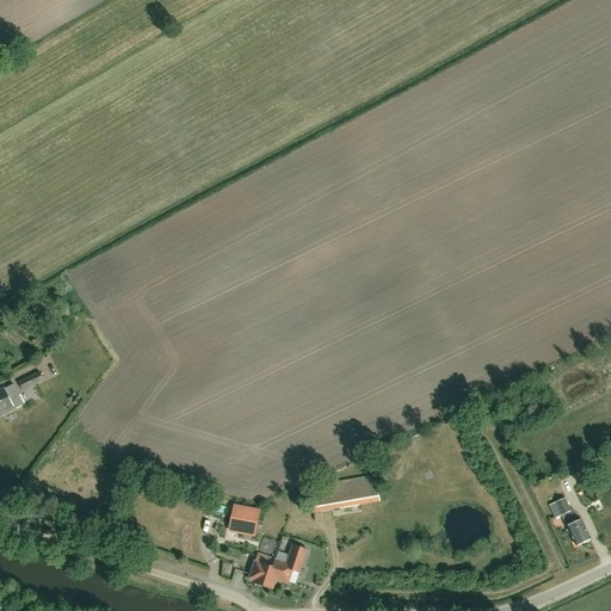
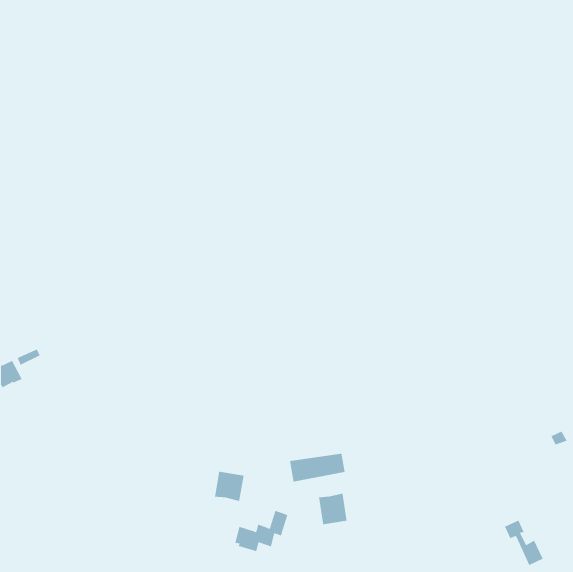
building: [549,496,591,545] -> [504,520,543,566]
building: none -> [318,493,347,525]

